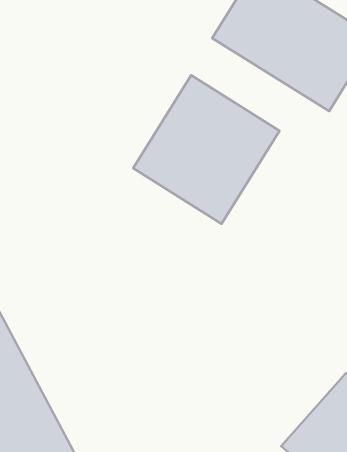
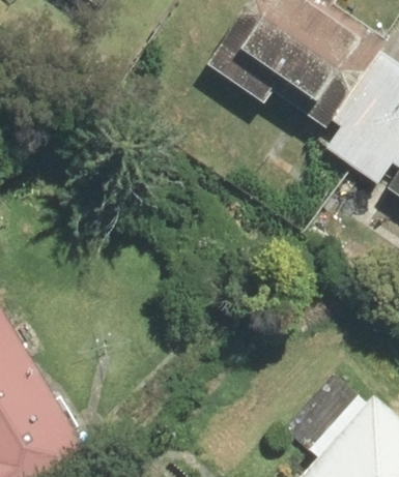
building: [133,75,279,224] -> none

